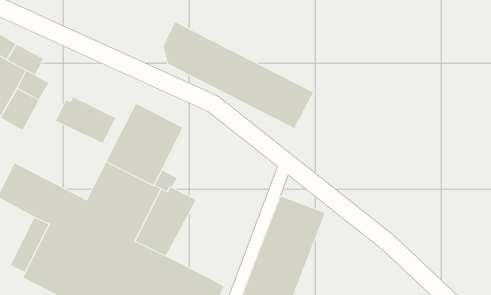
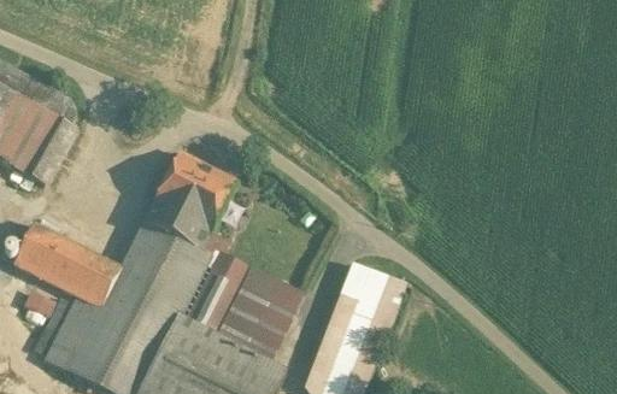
building: [163,21,314,129] -> none
building: [55,96,116,143] -> none
building: none -> [215,267,301,361]

